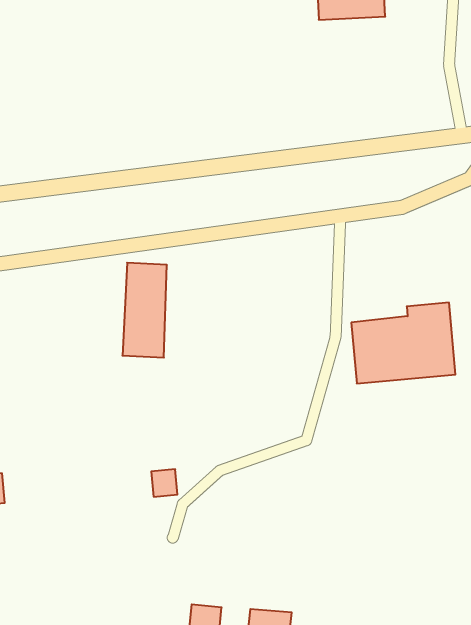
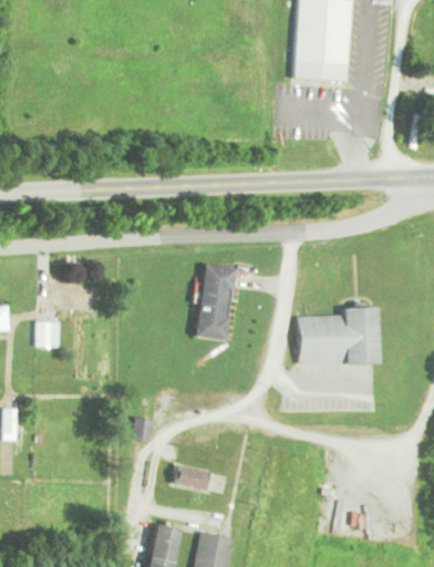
building: [122,263,167,358] -> [195,265,236,341]
building: none -> [42,322,60,347]
building: none -> [175,466,208,489]

